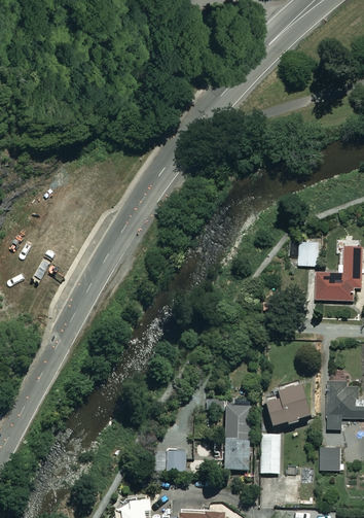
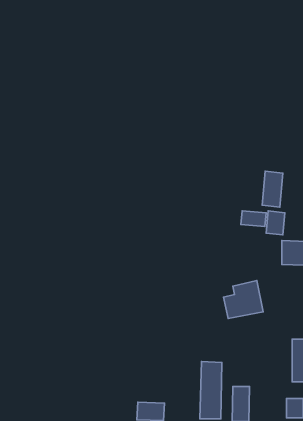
building: none -> [262,171,283,207]
building: none -> [241,211,266,226]
building: [266,387,311,429] -> [223,281,263,318]

